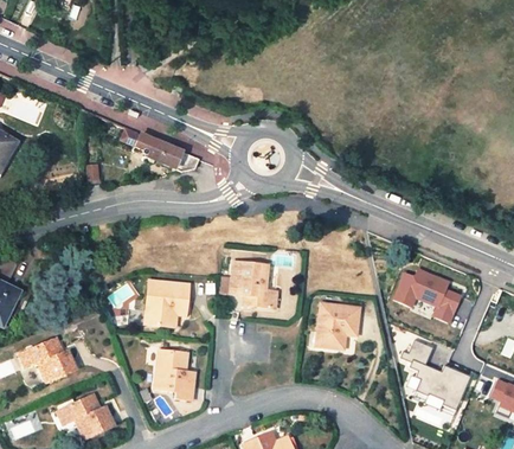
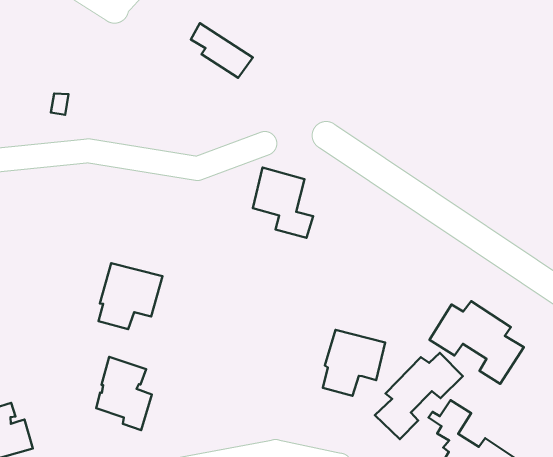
building: [135,133,182,168] -> [191,23,253,78]
building: [231,262,276,308] -> [253,168,313,238]
building: none -> [375,353,463,439]

